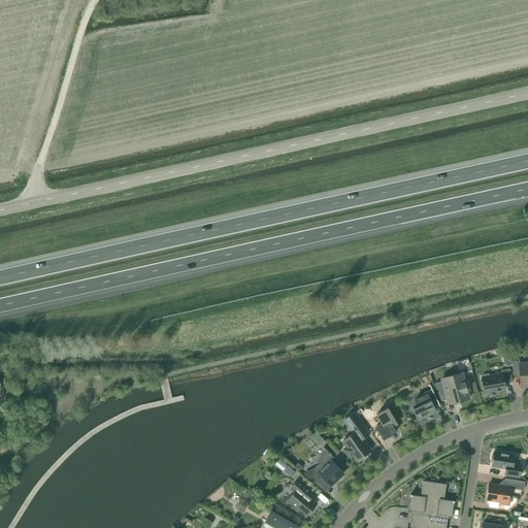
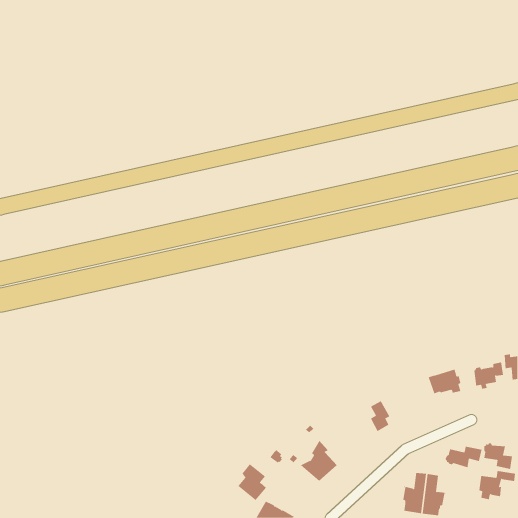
building: [412,385,439,421] -> none
building: [343,412,370,460] -> none
building: none -> [445,446,482,468]
building: [287,478,317,517] -> [237,463,267,501]

